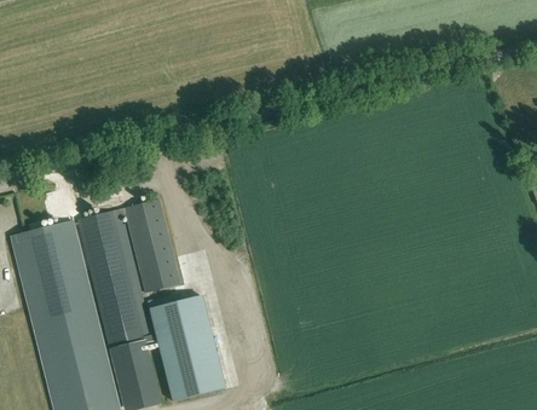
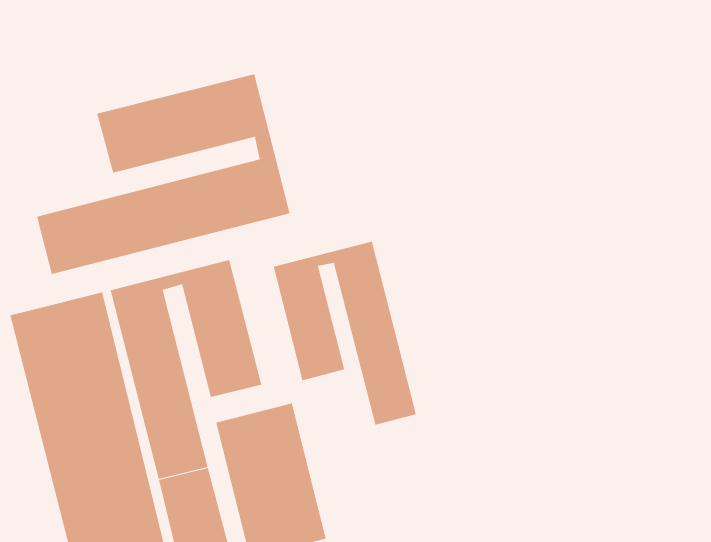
building: none -> [36,73,290,275]
building: none -> [273,241,416,425]

